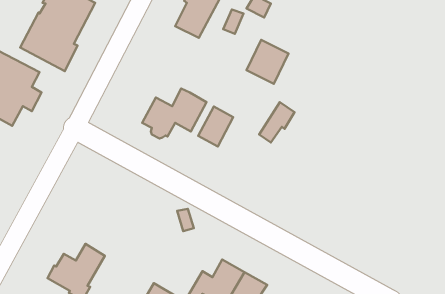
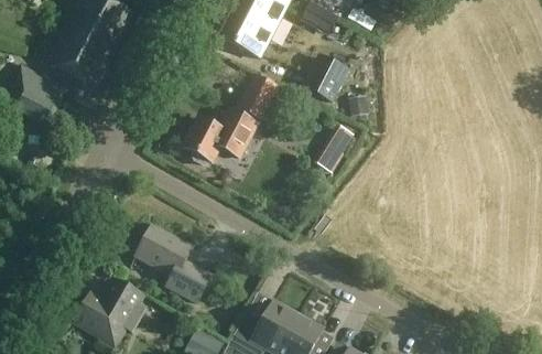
building: [198,106,233,146] -> [239,74,279,119]
building: none -> [137,225,213,302]

